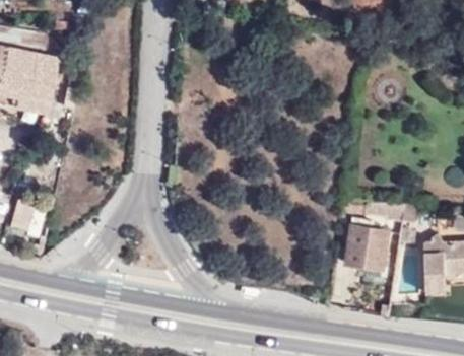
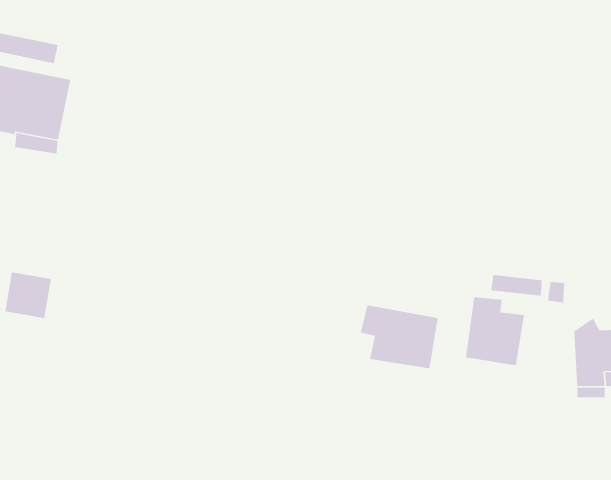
building: none -> [360,304,438,369]

